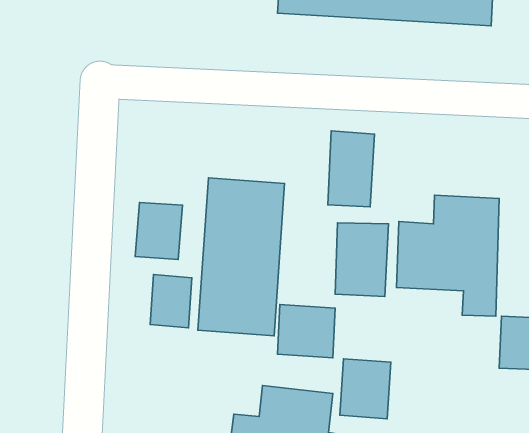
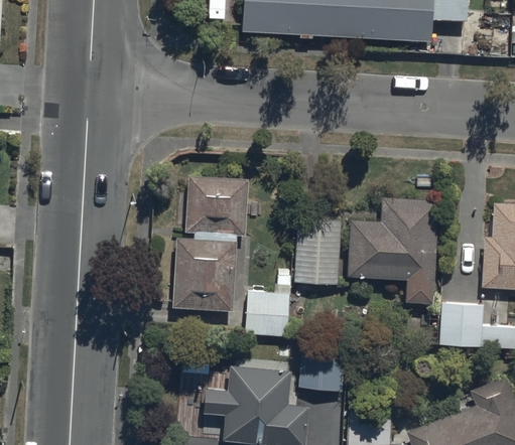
building: [328,131,375,207] -> none
building: [135,202,183,259] -> none
building: [150,274,192,328] -> none

